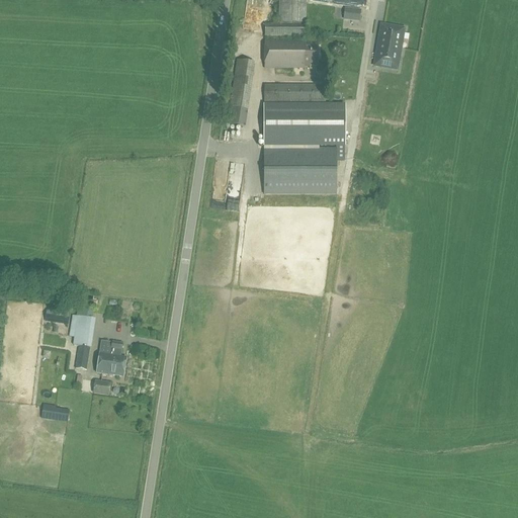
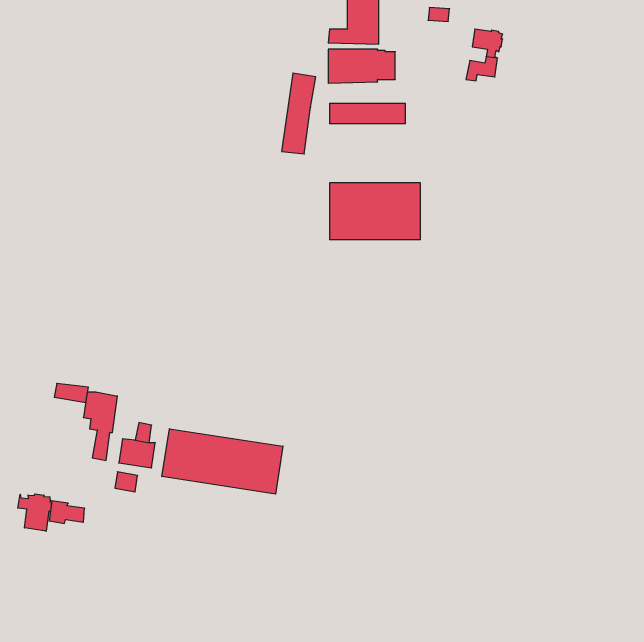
building: [264,102,345,142] -> none
building: none -> [162,429,283,494]
building: none -> [18,494,52,531]

